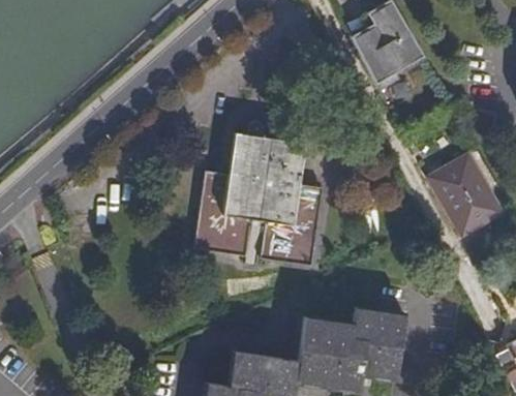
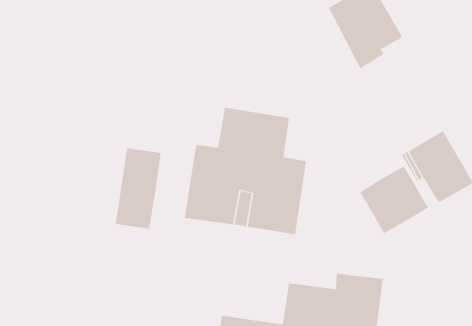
building: none -> [115,147,161,229]
building: none -> [359,166,429,234]

